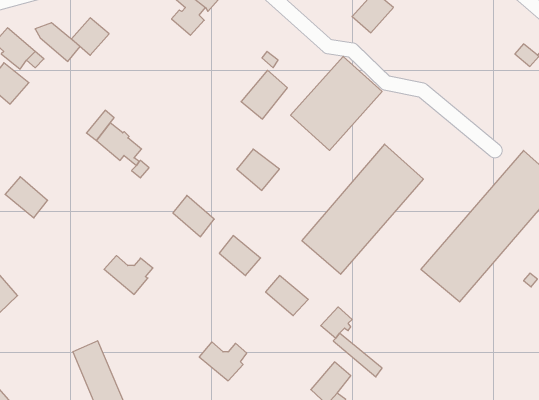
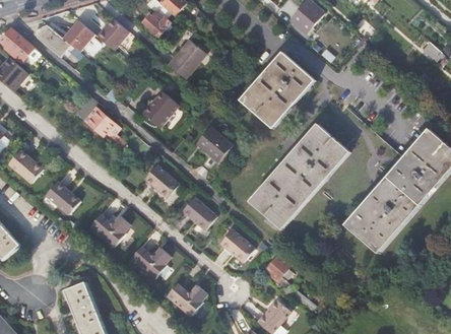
building: none -> [96,18,129,50]
building: [241,70,287,119] -> [168,39,205,78]
building: none -> [142,90,178,127]
building: none -> [46,182,80,215]
building: none -> [130,246,169,278]

